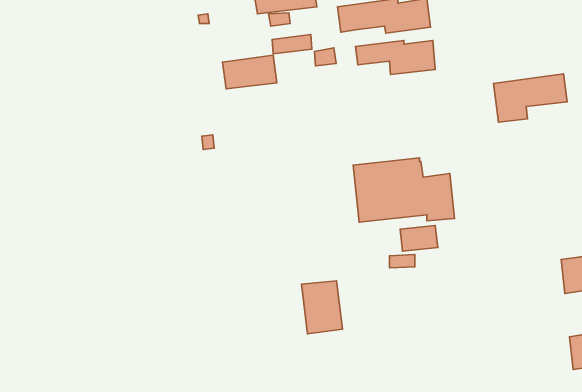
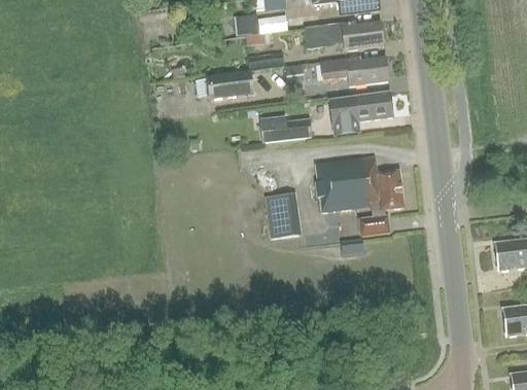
building: [494,74,567,122] -> [330,93,393,134]
building: none -> [260,114,312,141]
building: [301,281,343,334] -> [266,192,301,238]

